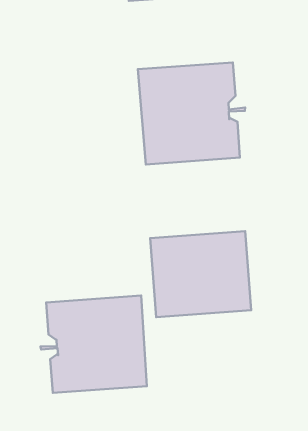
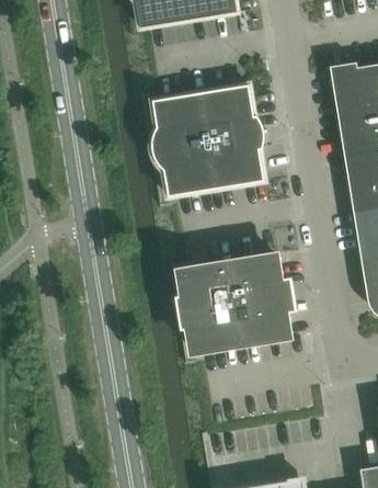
building: [41,296,147,393] -> none

